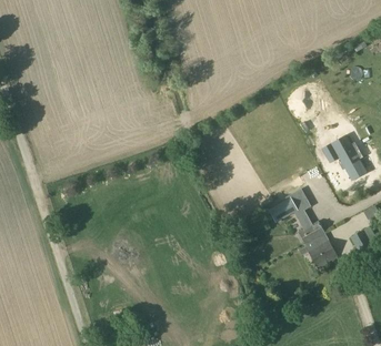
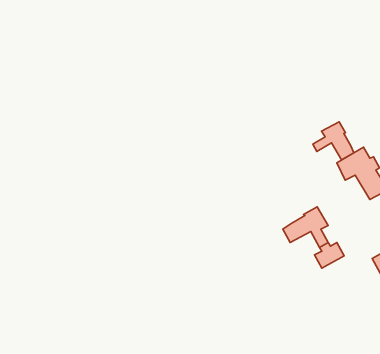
building: none -> [313,122,354,160]
building: [307,233,339,268] -> none

